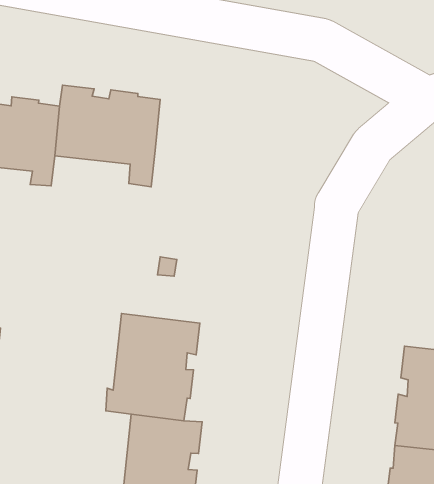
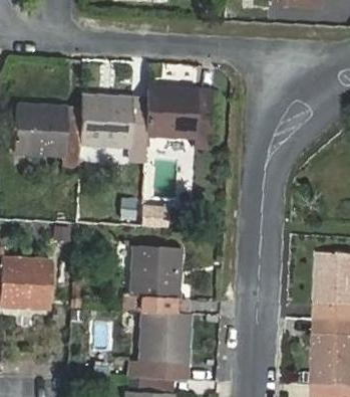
building: none -> [145,85,213,148]

